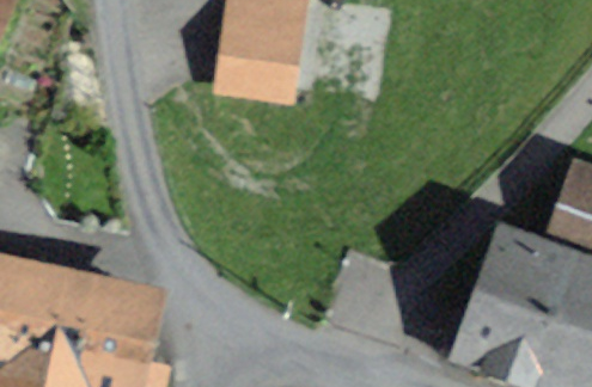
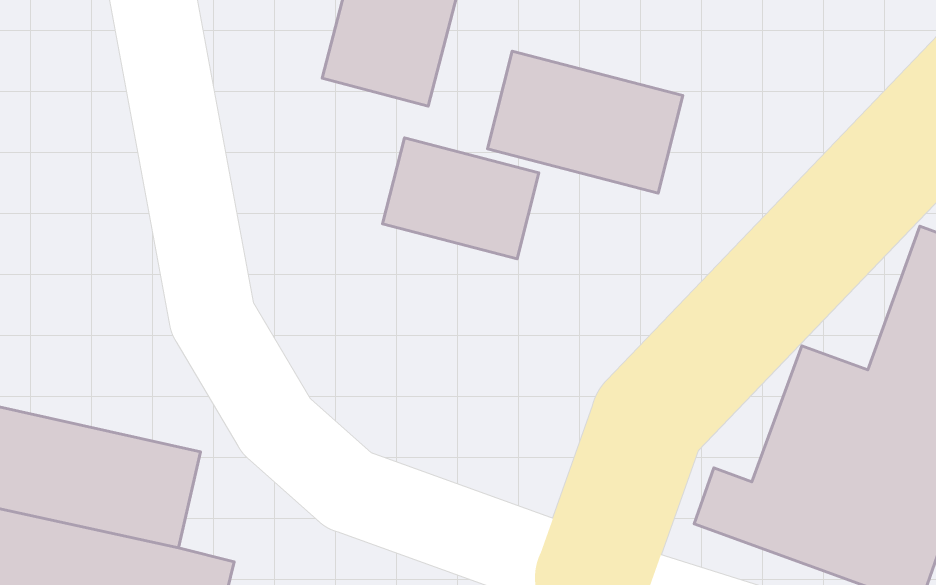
building: none -> [487,51,683,193]
building: none -> [383,138,539,259]

